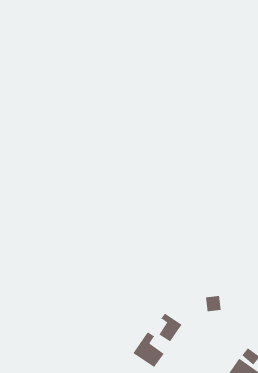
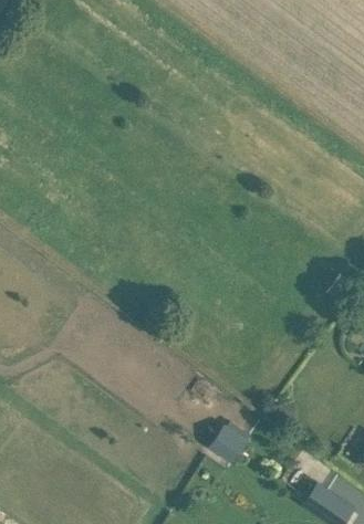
building: [133,331,165,368] -> none

